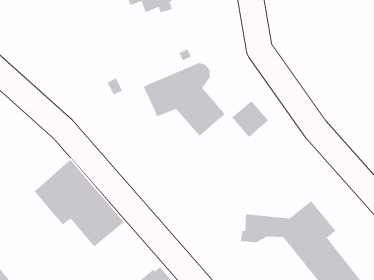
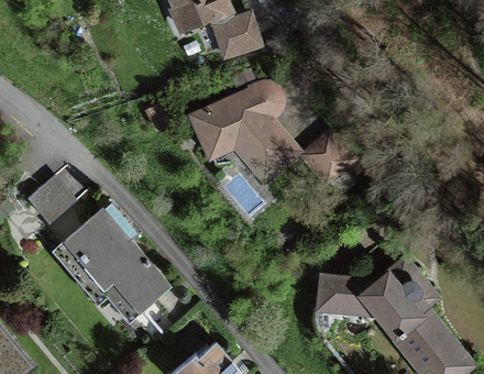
building: none -> [215,14,260,57]
building: none -> [28,178,72,223]

